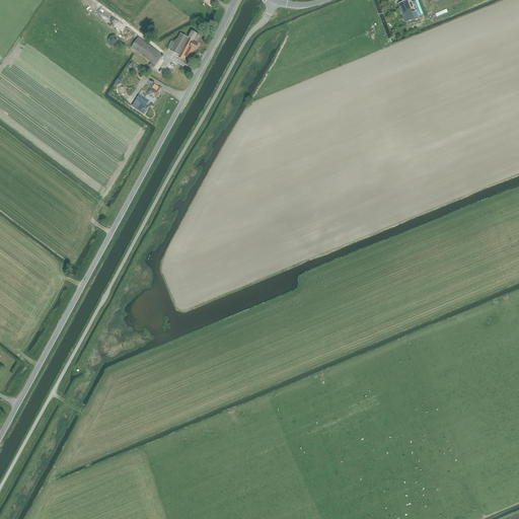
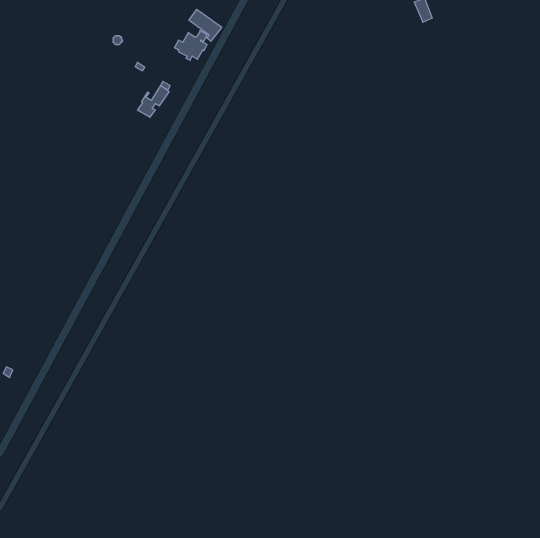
building: [132,36,163,67] -> [189,9,222,41]

